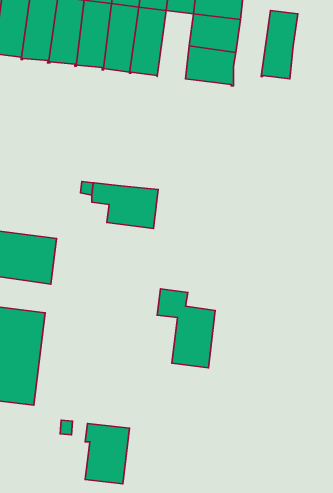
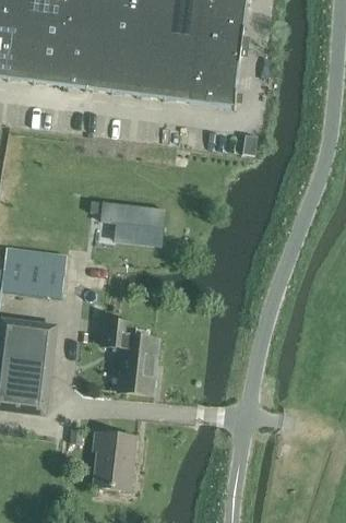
building: [261,10,298,79] -> [162,35,196,100]
building: [157,289,215,368] -> [103,318,158,393]

